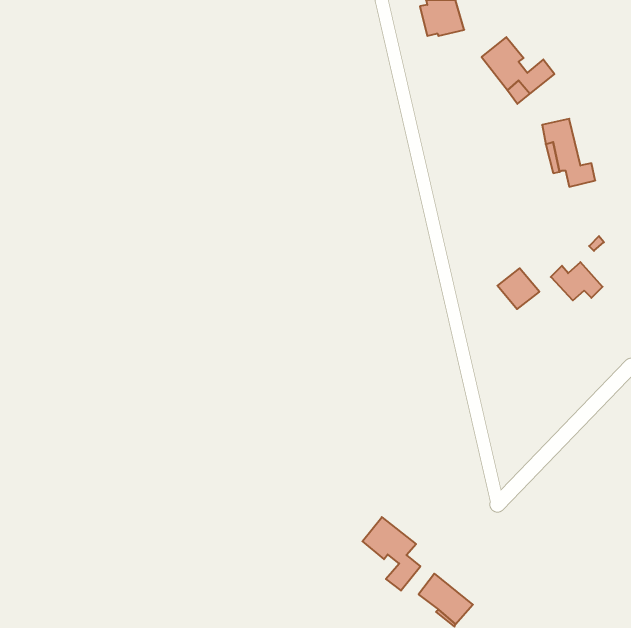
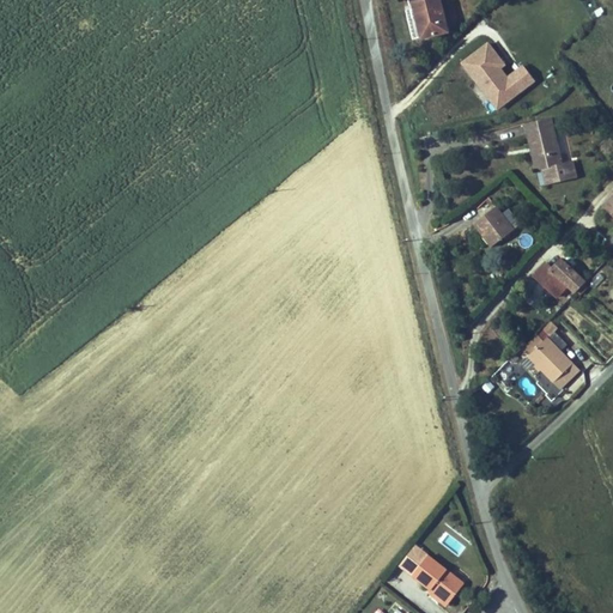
building: [497,268,539,309] -> [473,205,514,244]
building: none -> [528,338,578,389]
building: [362,517,420,591] -> none

